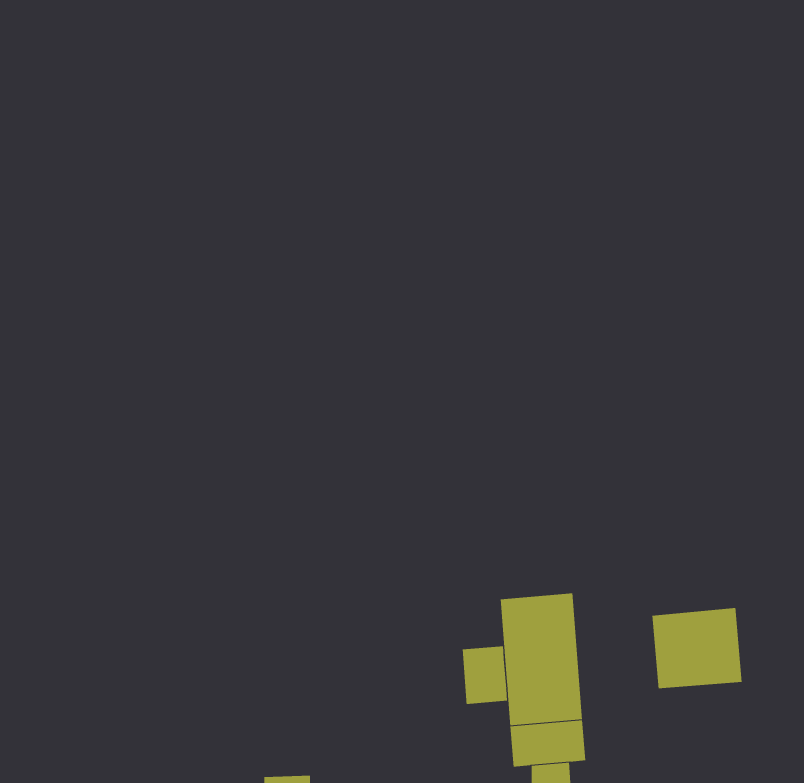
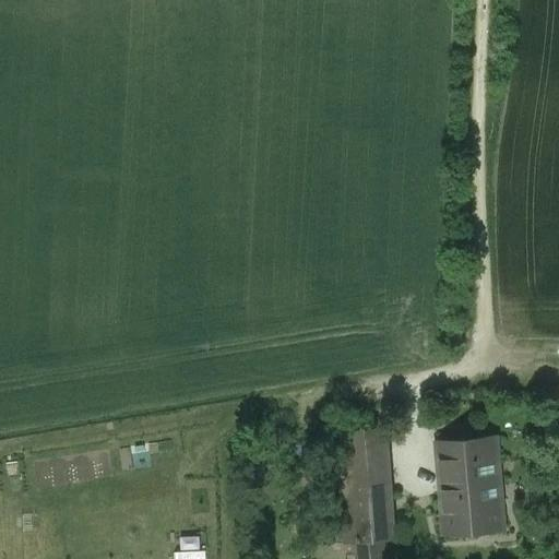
building: [462,645,507,705] -> none
building: none -> [443,489,503,537]

